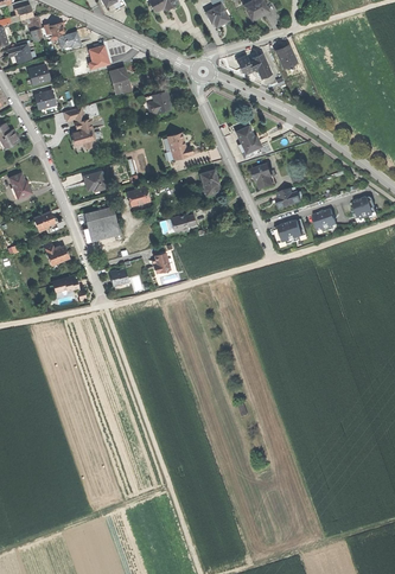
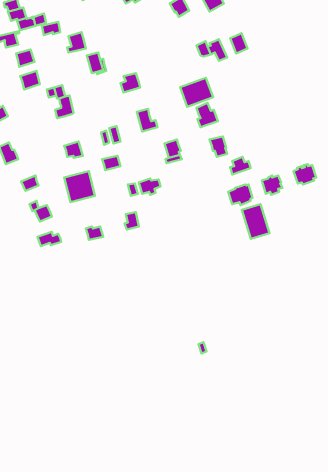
building: none -> [180,78,213,107]
building: none -> [242,204,270,239]

